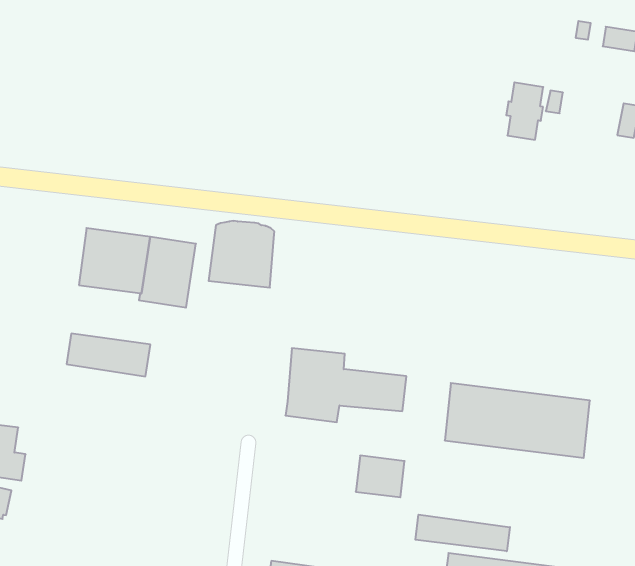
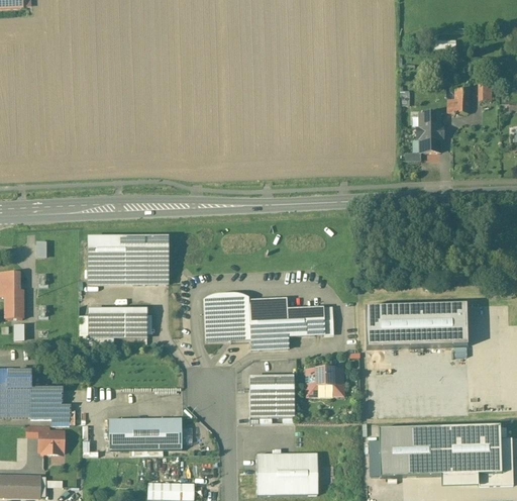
building: [506,82,543,140] -> [417,112,442,151]
building: [209,221,274,288] -> [205,293,250,339]
building: none -> [249,374,295,417]
building: none -> [109,417,183,448]
building: [415,515,510,551] -> none

